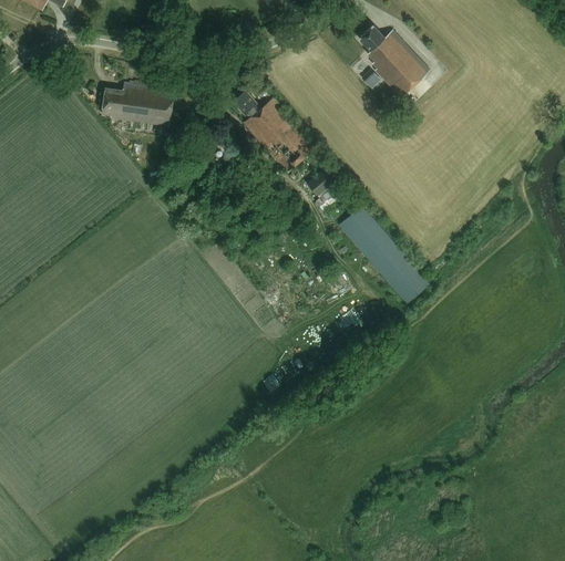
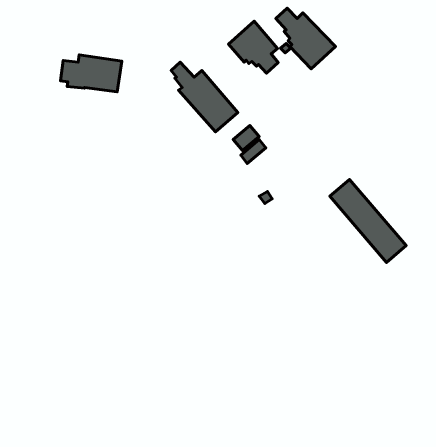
building: none -> [228,21,278,73]
building: [339,205,430,303] -> [330,180,406,262]

